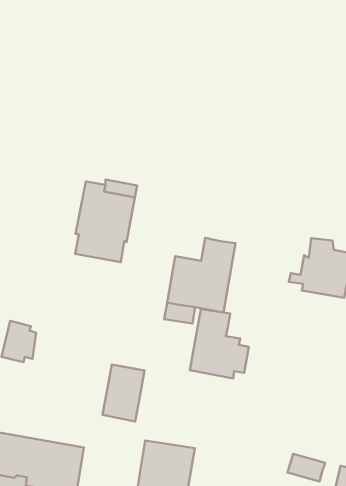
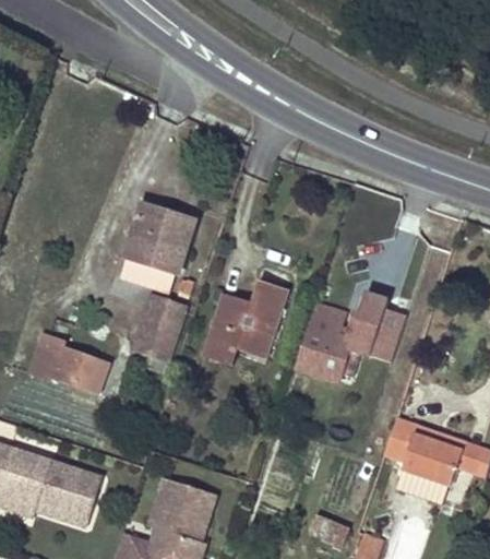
building: [190,309,249,379] -> [296,306,360,382]
building: none -> [62,352,106,391]
building: [102,365,144,421] -> [135,297,186,359]

